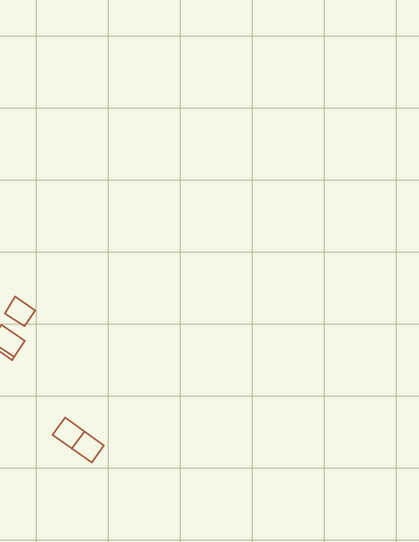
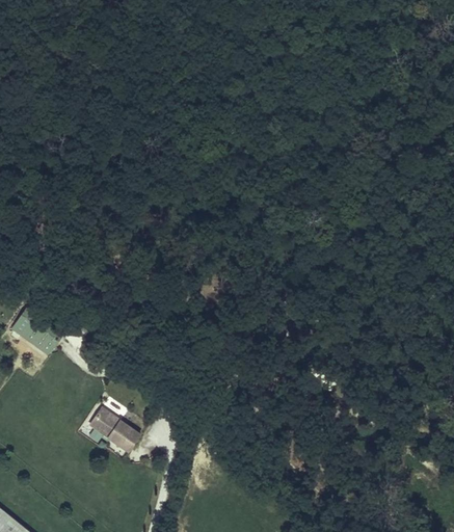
building: [5,297,35,326] -> none

